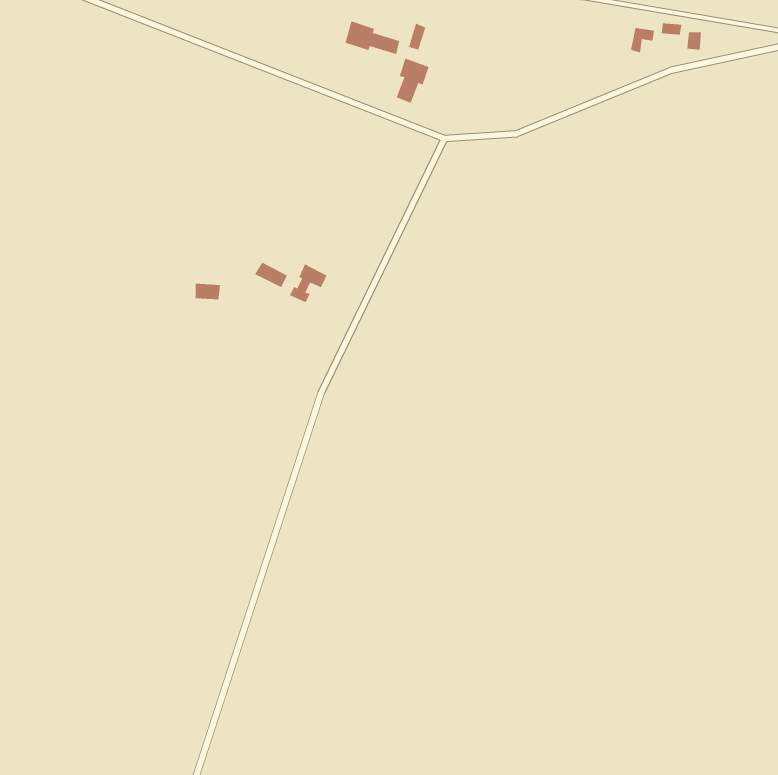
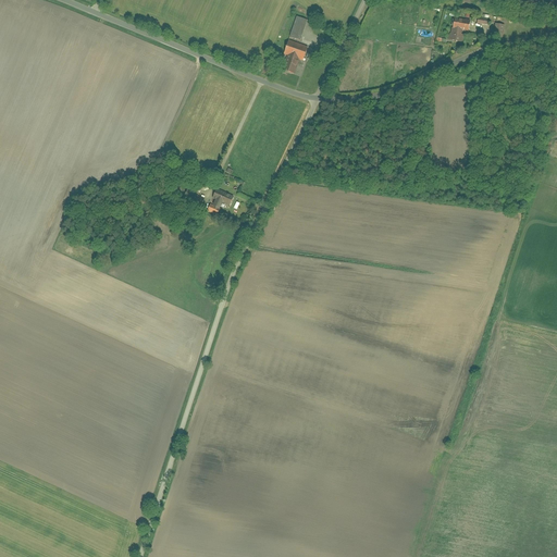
building: [345,21,400,55] -> none

